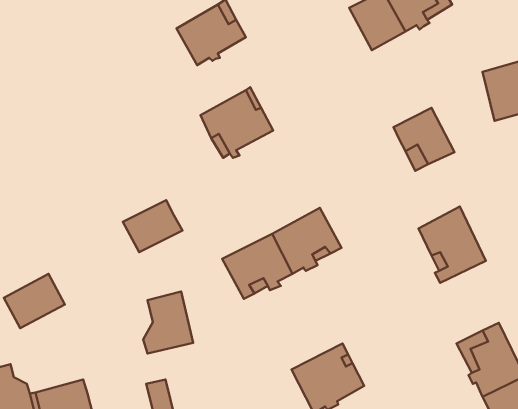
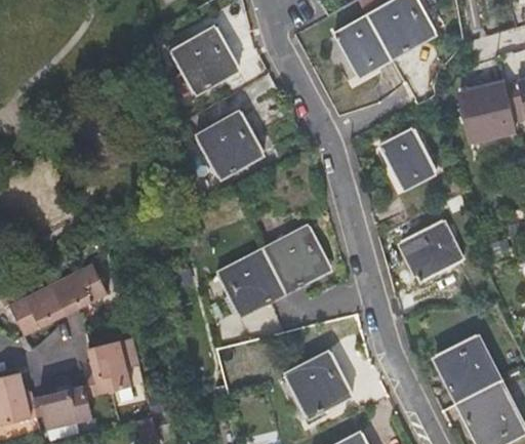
building: [123,200,182,252] -> [51,265,108,314]
building: [143,292,193,354] -> [84,339,131,398]

